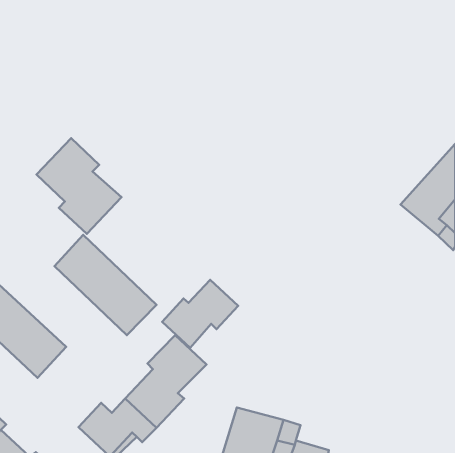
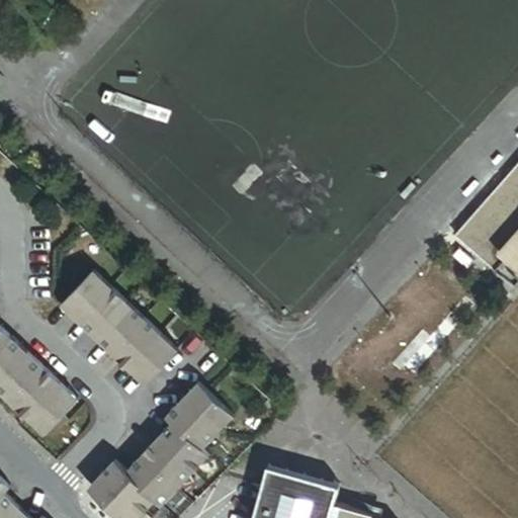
building: [37,138,121,234] -> none
building: [162,280,238,348] -> none

